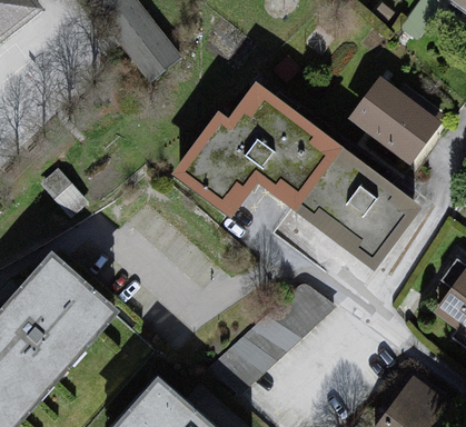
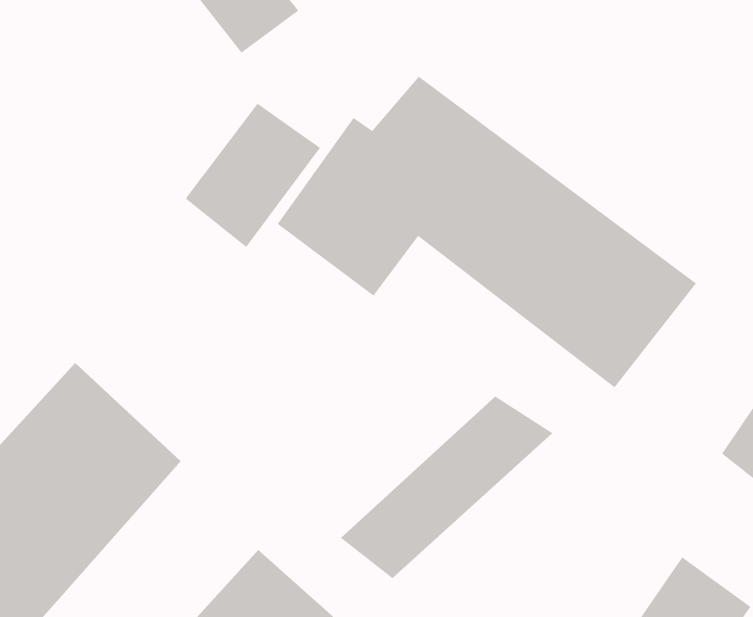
building: [348,77,440,167] -> none
building: none -> [185,103,321,248]

